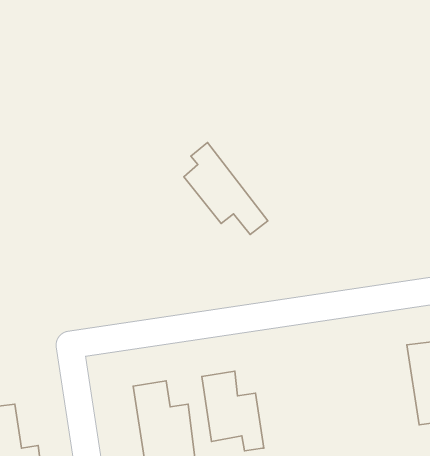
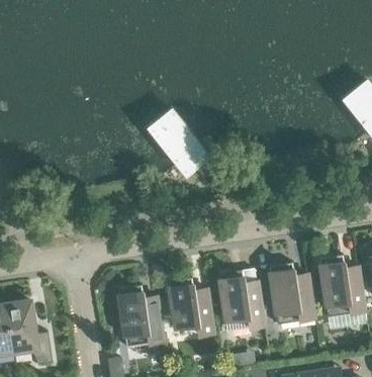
building: none -> [268,263,314,324]
building: none -> [218,270,264,333]

